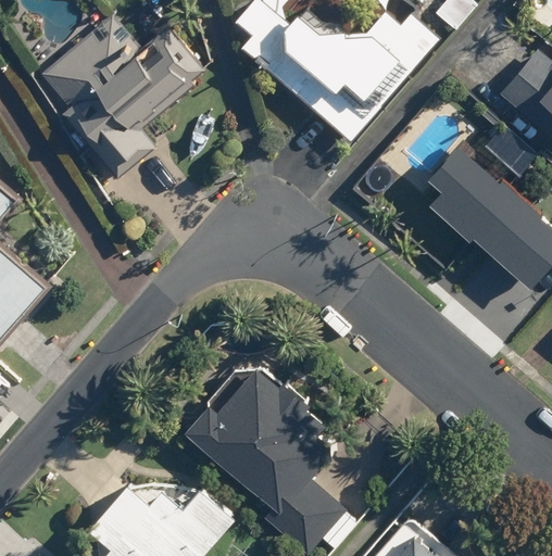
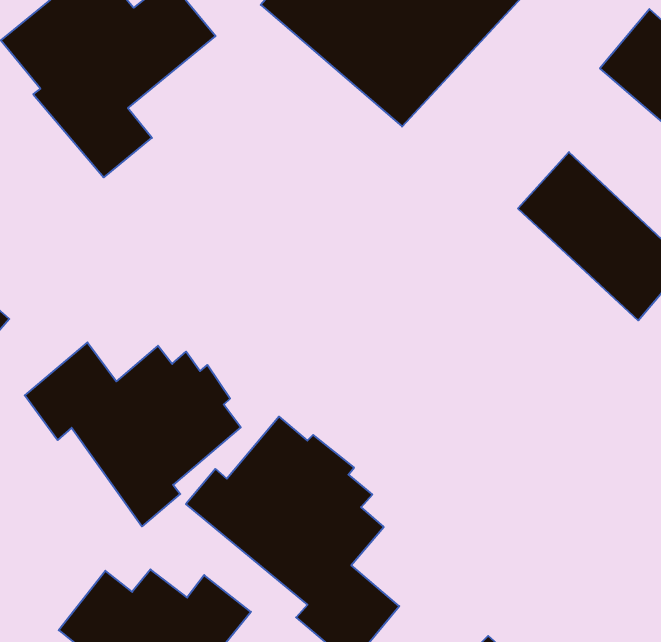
building: none -> [25,342,241,526]

